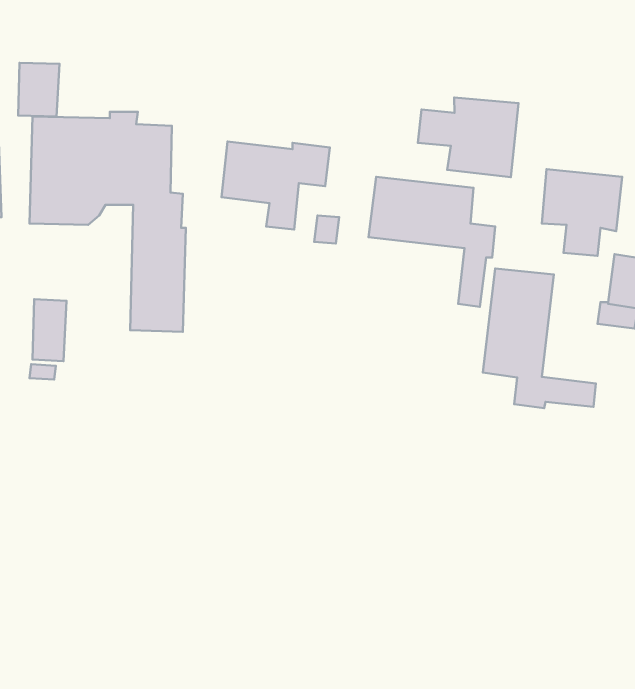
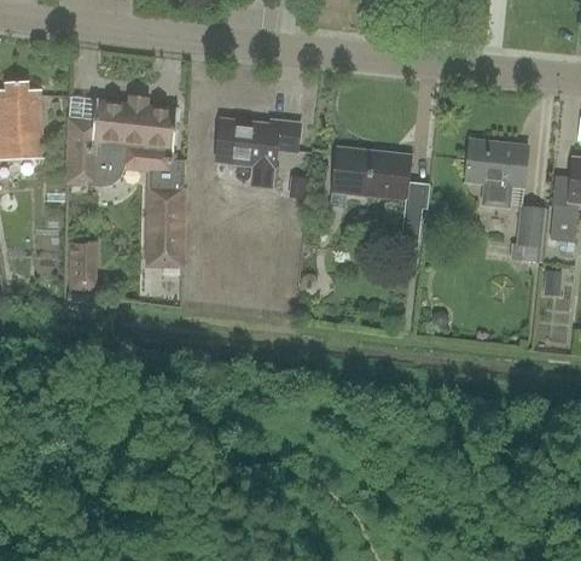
building: [18,63,60,117] -> none
building: [418,97,518,177] -> none
building: [483,268,596,408] -> none

